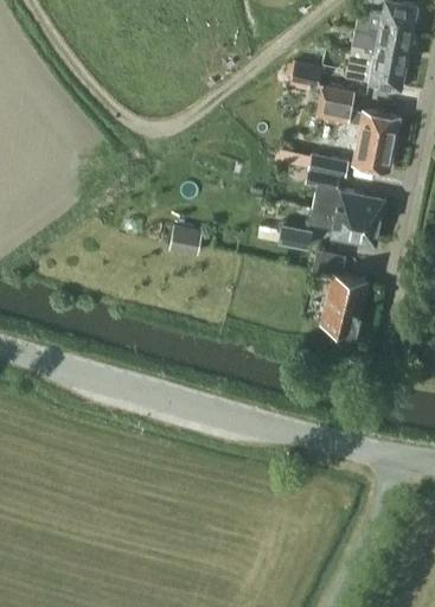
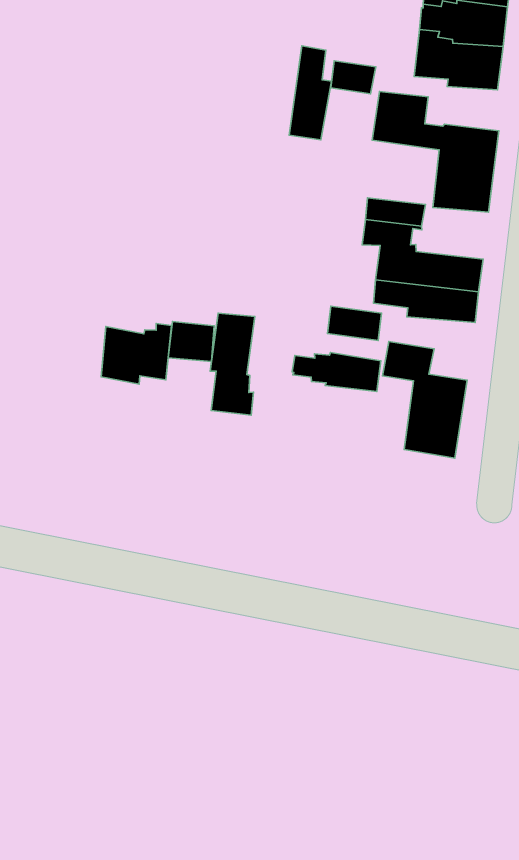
building: none -> [289,46,332,140]
building: none -> [210,313,255,415]
building: none -> [101,324,171,384]
building: none -> [292,352,381,391]

